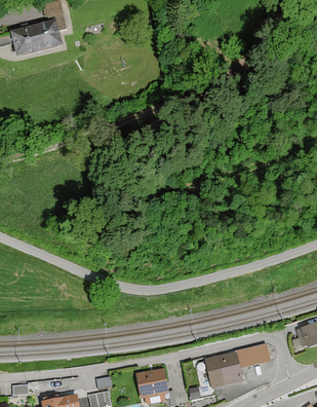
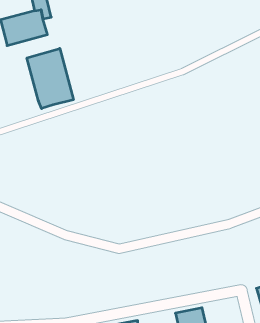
building: none -> [27,48,73,109]
building: [241,340,271,365] -> none

